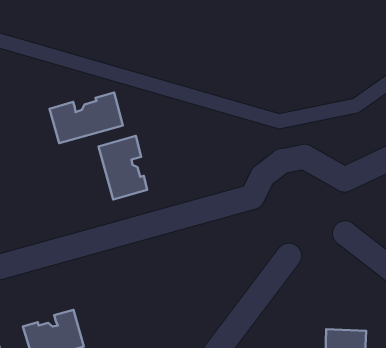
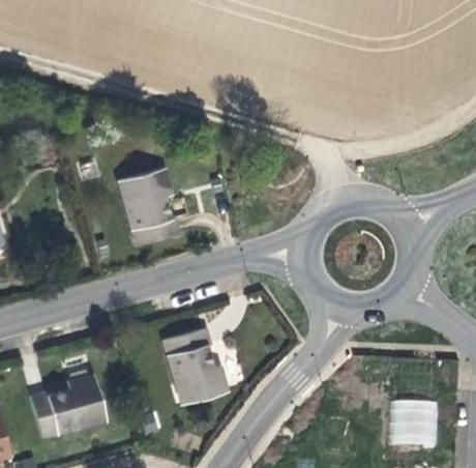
building: [49,93,123,143] -> none
building: none -> [165,327,227,403]

